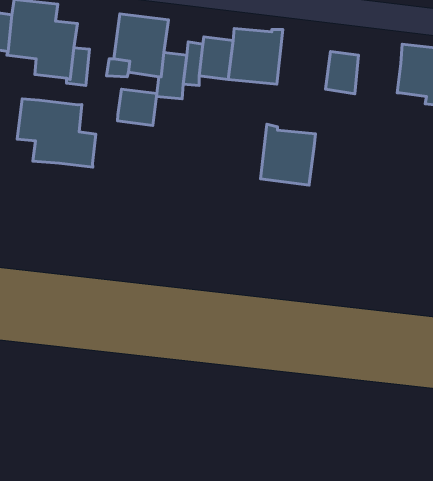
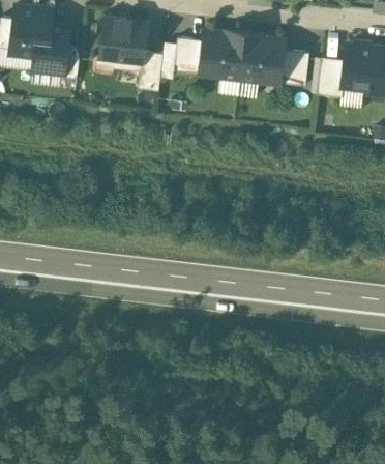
building: none -> [317,57,345,97]
building: [118,89,157,125] -> none
building: [17,99,96,167] -> none
building: [261,124,315,185] -> [239,31,286,83]

